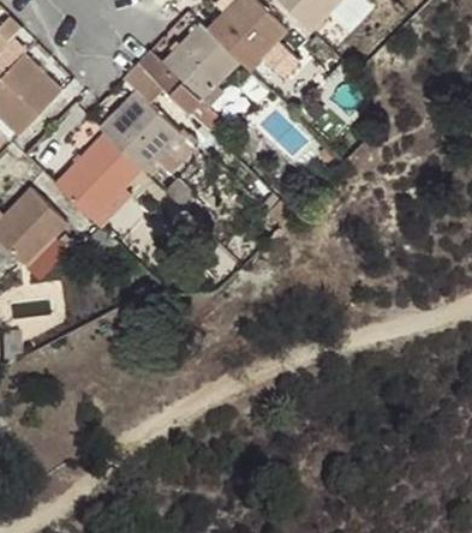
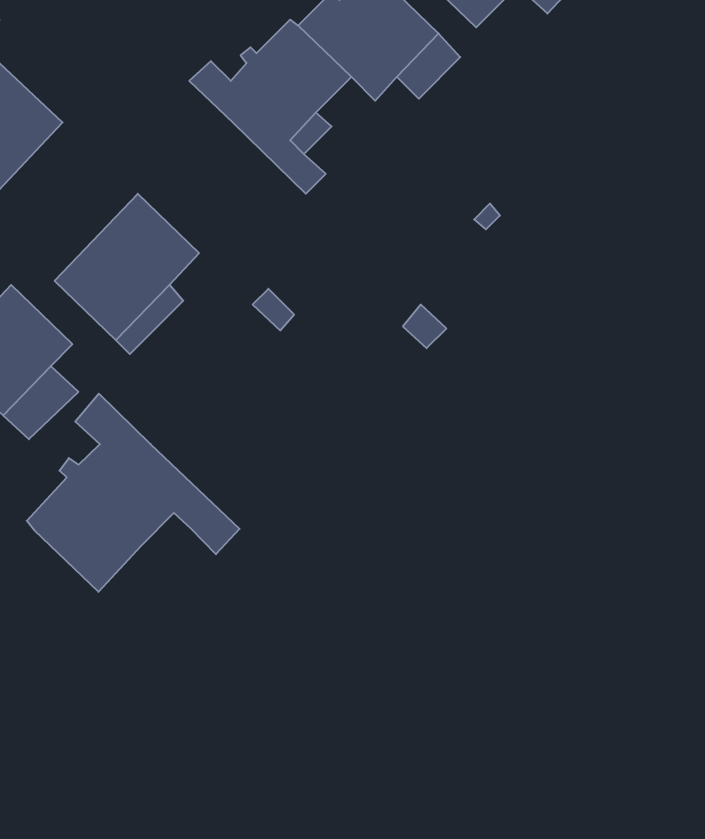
building: [100,62,197,181] -> none
building: none -> [27,394,240,592]

